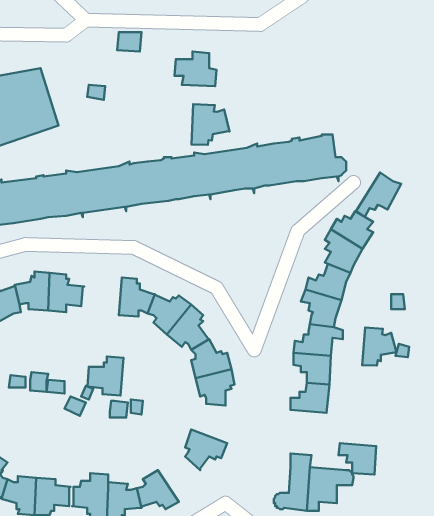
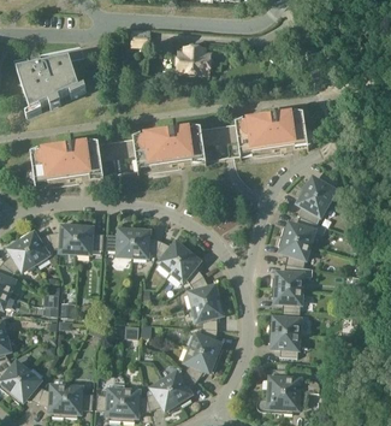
building: [191,104,230,145] -> none
building: [356,172,401,217] -> none
building: [362,328,397,366] -> none
building: [87,356,123,396] -> [106,224,135,255]
building: none -> [190,326,223,357]
building: [338,443,376,475] -> [268,331,298,356]
building: none -> [164,368,197,404]

